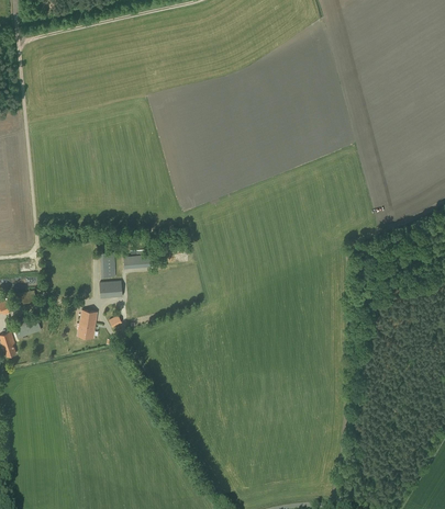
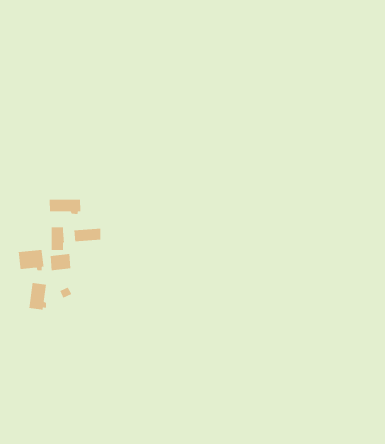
building: none -> [49,199,81,215]
building: none -> [18,249,44,271]

